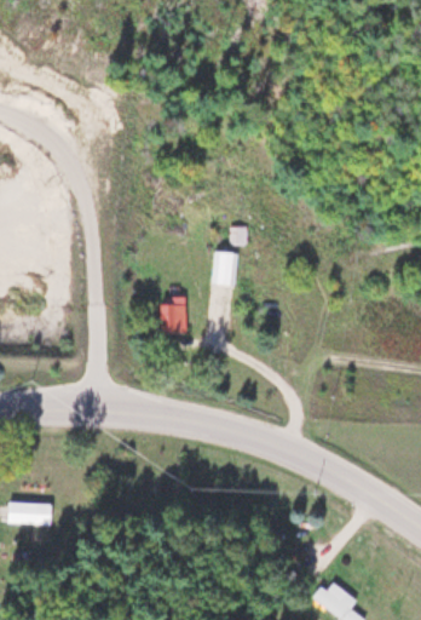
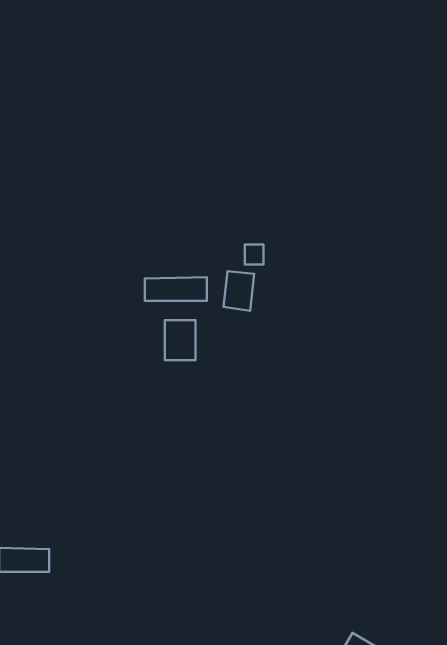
building: none -> [145,277,207,301]

